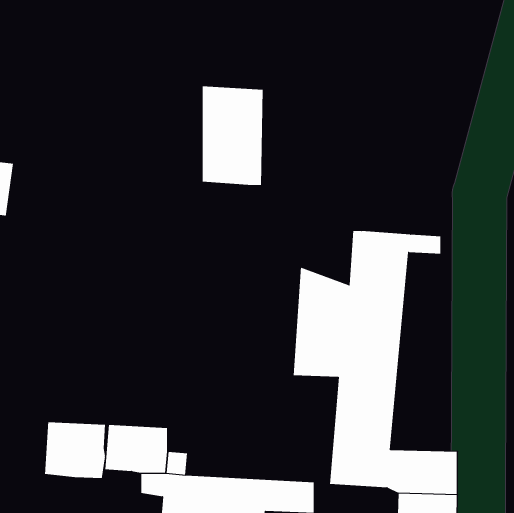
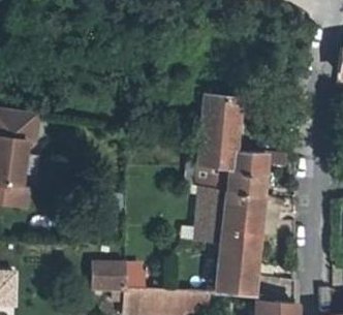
building: [202,86,264,186] -> [205,95,240,152]
building: [45,421,106,479] -> none

